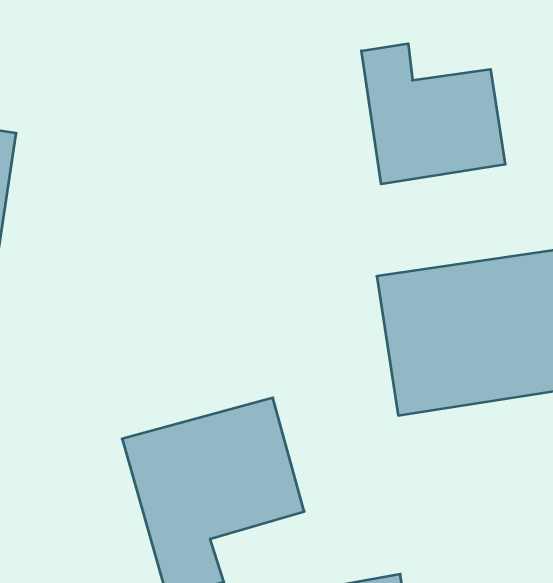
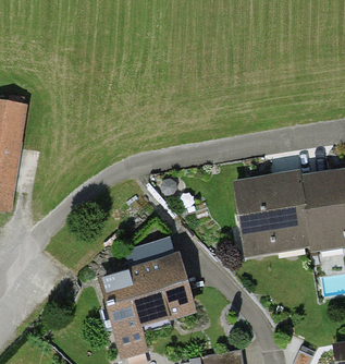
building: [361,44,505,184] -> none

